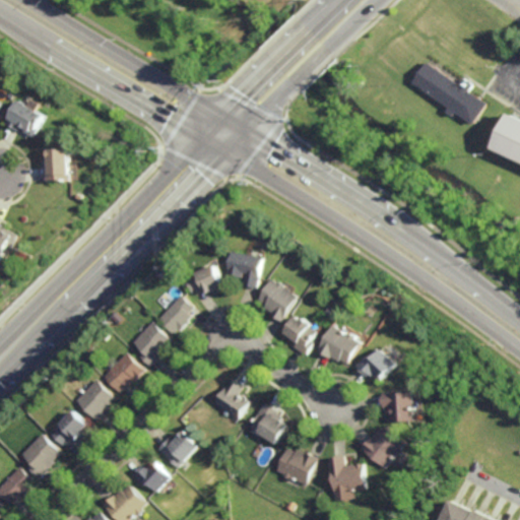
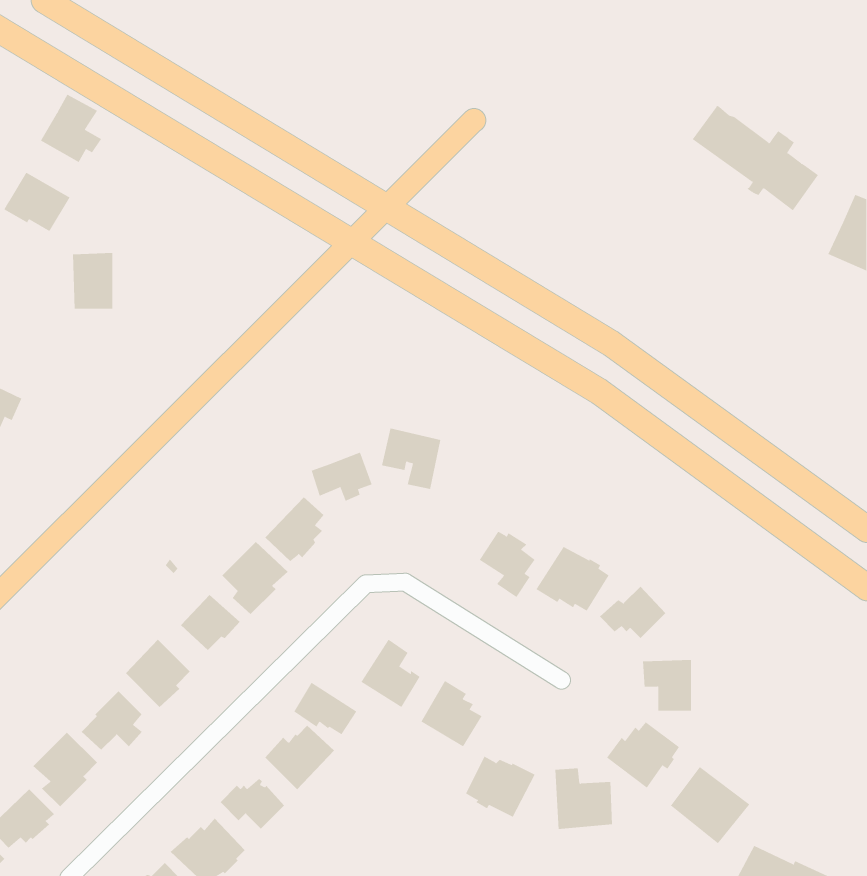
building: none -> [40,94,102,163]
building: [258,280,296,321] -> none
building: none -> [293,682,357,735]
building: none -> [670,766,750,844]

